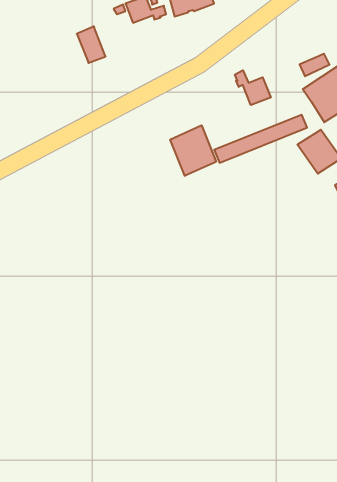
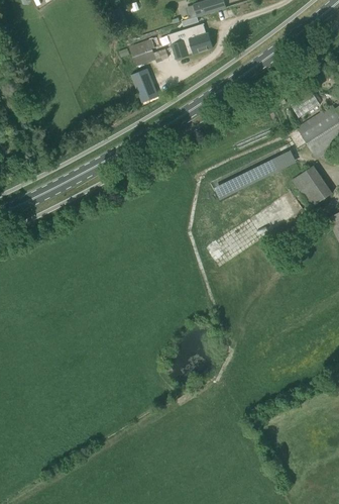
building: [77,26,106,63] -> [130,67,157,101]
building: [235,70,271,105] -> none
building: [170,125,216,176] -> none

